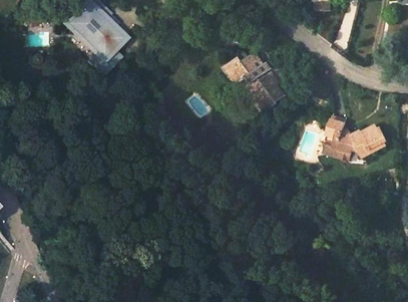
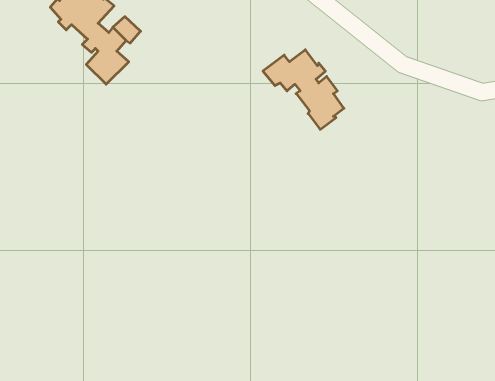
building: [320,120,384,162] -> none

